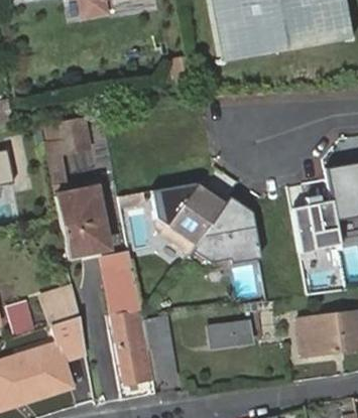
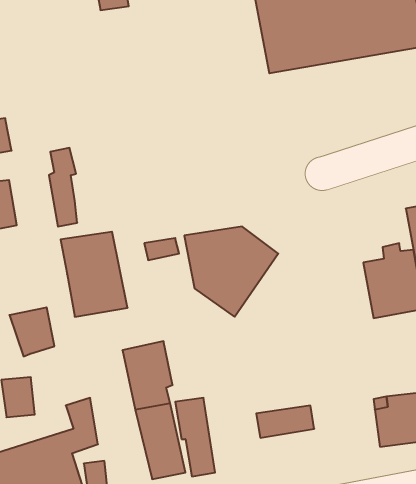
building: [63,115,105,162] -> none
building: [189,196,261,268] -> none
building: [99,248,136,279] -> none
building: [43,286,79,324] -> [9,307,54,356]

